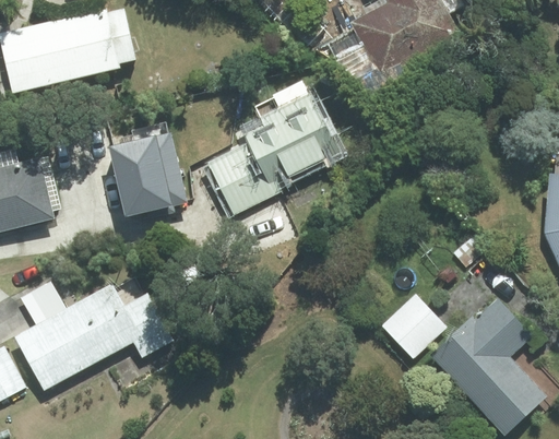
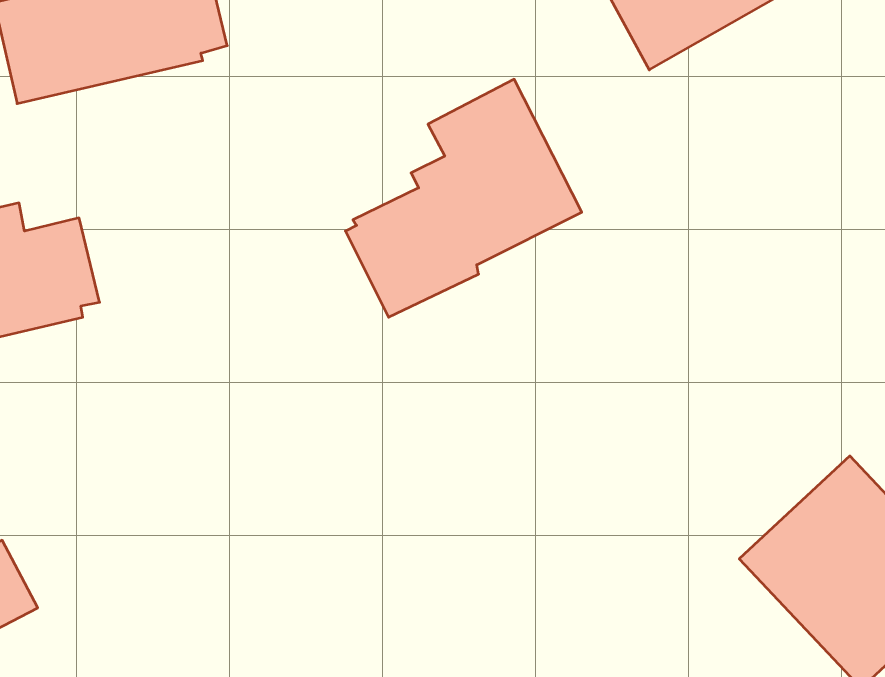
building: [110,122,185,214] -> none
building: [14,277,171,390] -> none
building: [382,295,445,358] -> none

